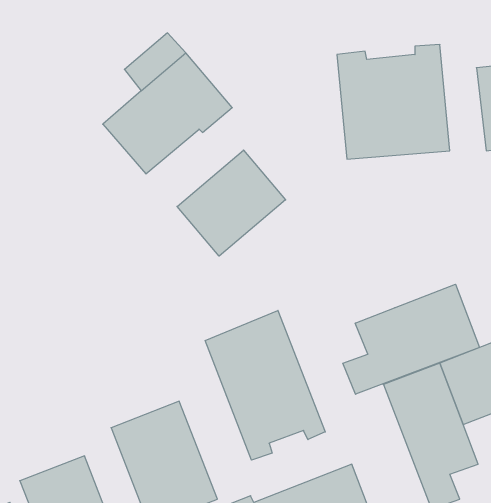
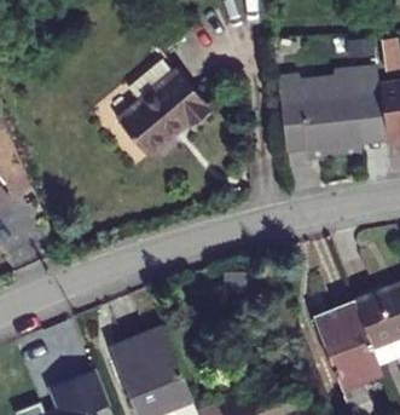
building: [177,150,286,256] -> none
building: [343,284,480,394] -> none
building: [205,310,325,460] -> none

